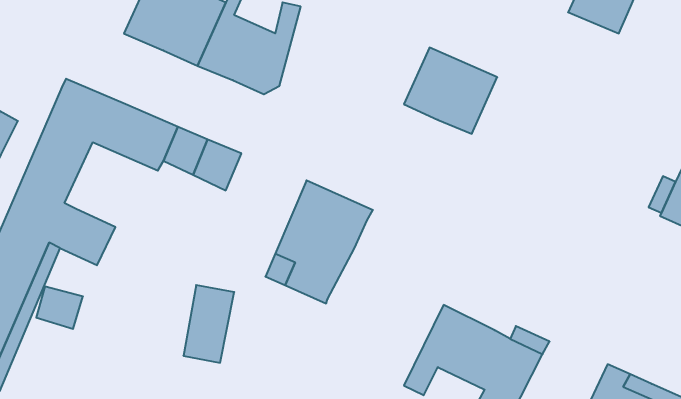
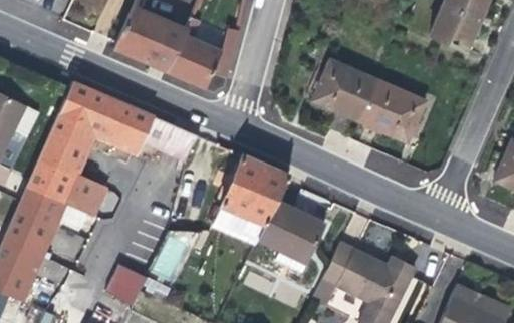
building: none -> [360,80,426,141]
building: none -> [71,126,138,174]
building: none -> [258,202,325,271]
building: none -> [106,264,147,304]

